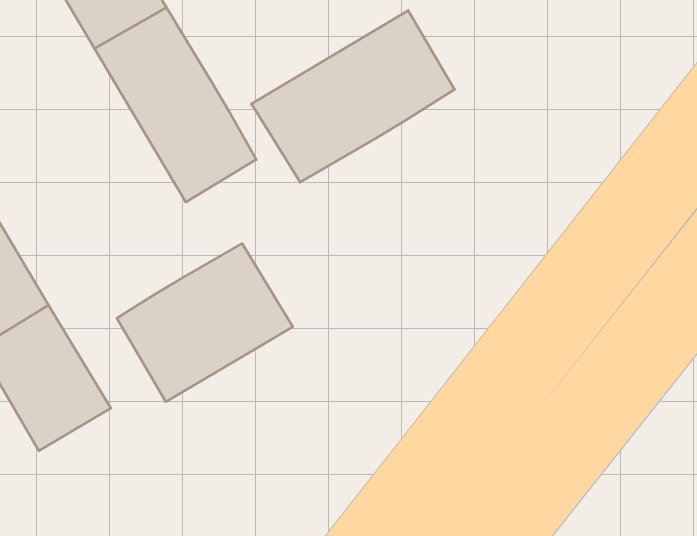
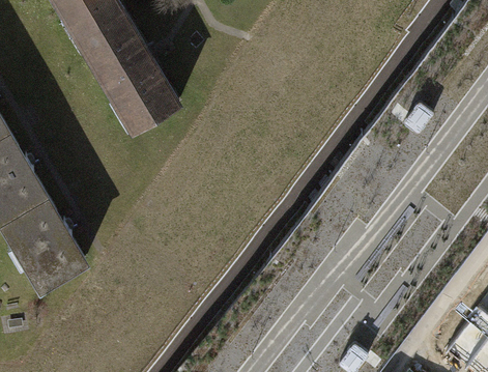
building: [251,10,455,182] -> none
building: [117,244,293,402] -> none

